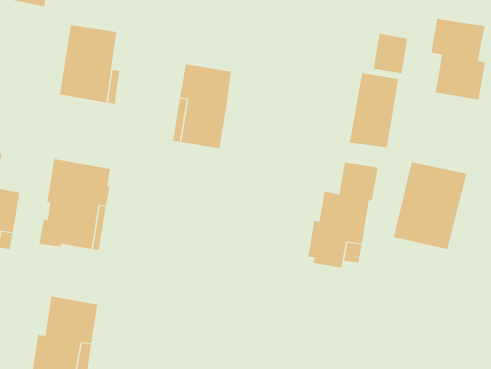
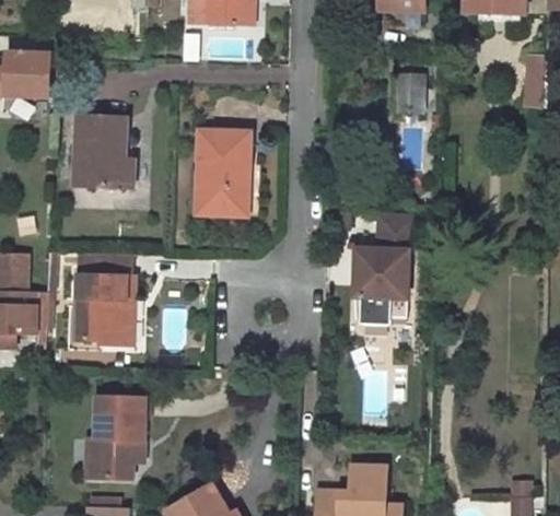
building: [431,18,486,100] -> none
building: [349,73,399,148] -> none
building: [393,161,467,250] -> none

